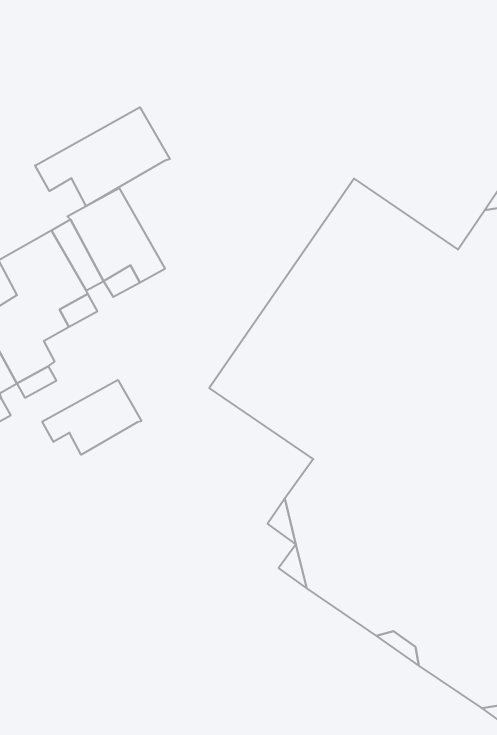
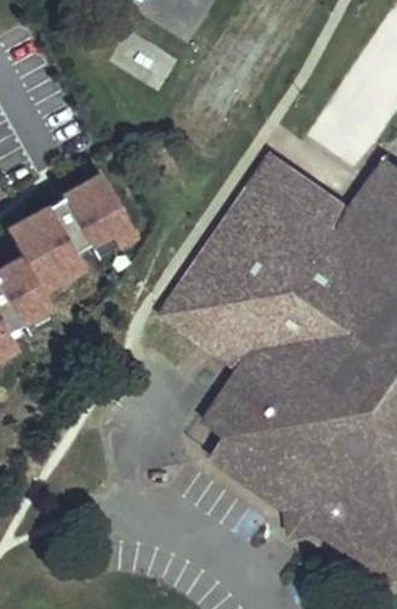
building: [35,107,170,206] -> none
building: [42,380,141,455] -> none

